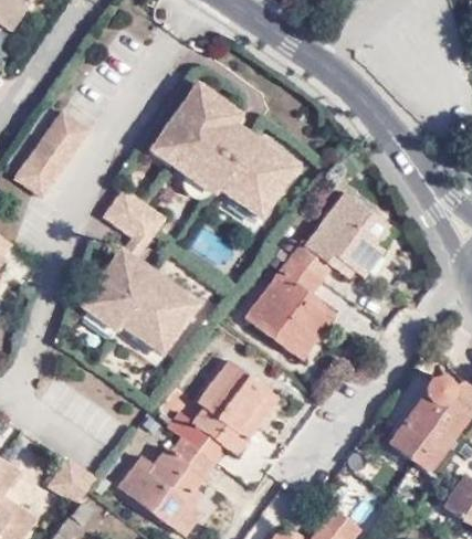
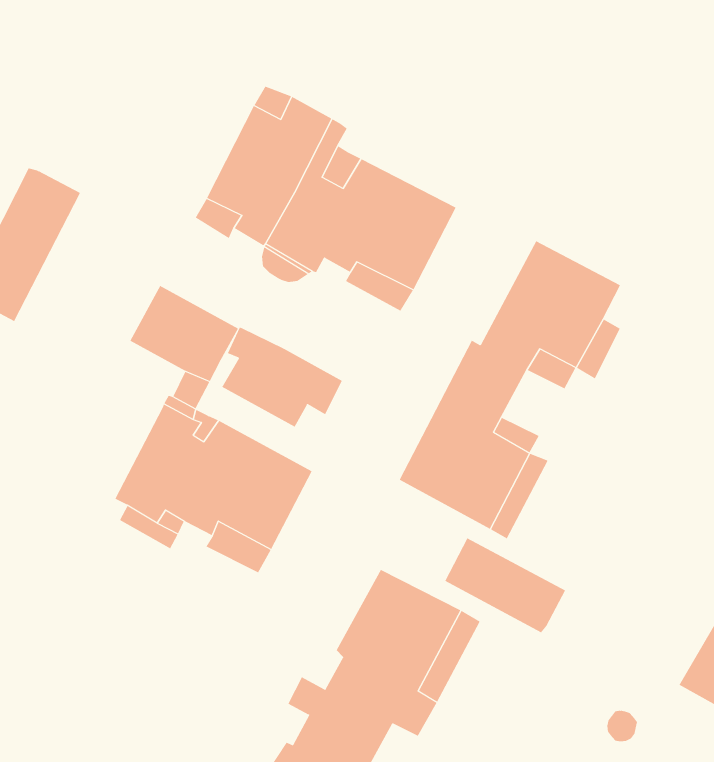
building: none -> [222,327,343,428]
building: none -> [445,538,566,633]

